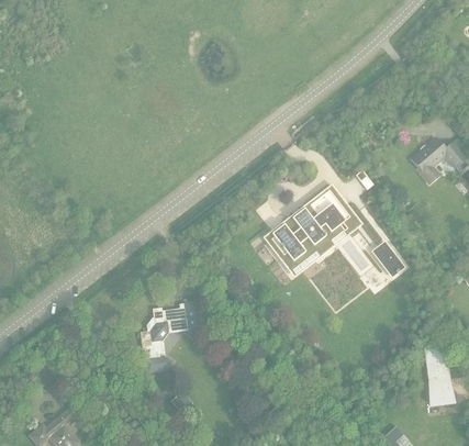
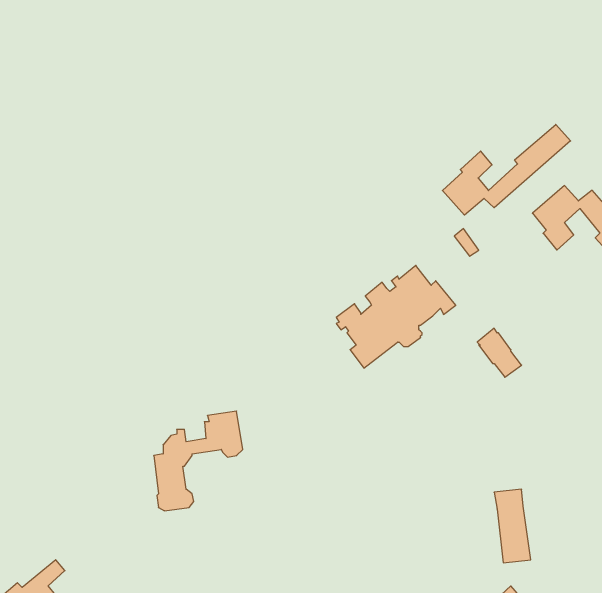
building: none -> [442,124,571,215]
building: [425,346,451,399] -> [494,489,531,563]

